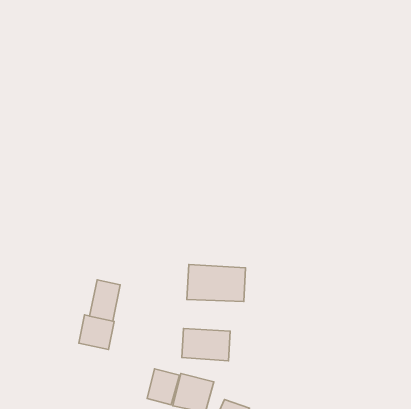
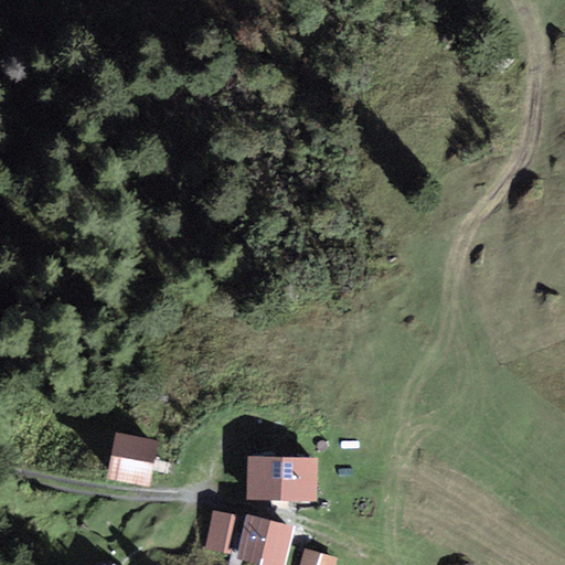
building: [187,265,246,302] -> none
building: [89,280,120,321] -> none

